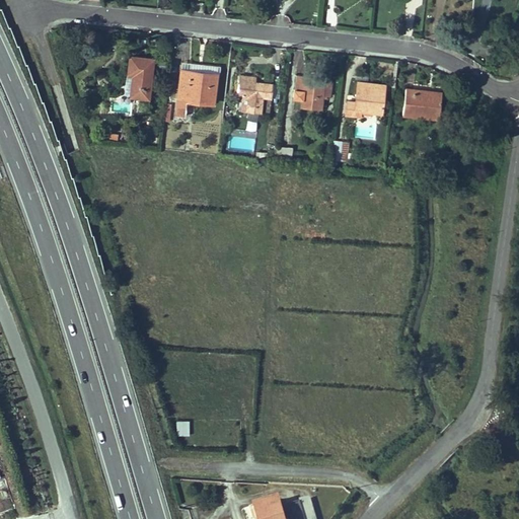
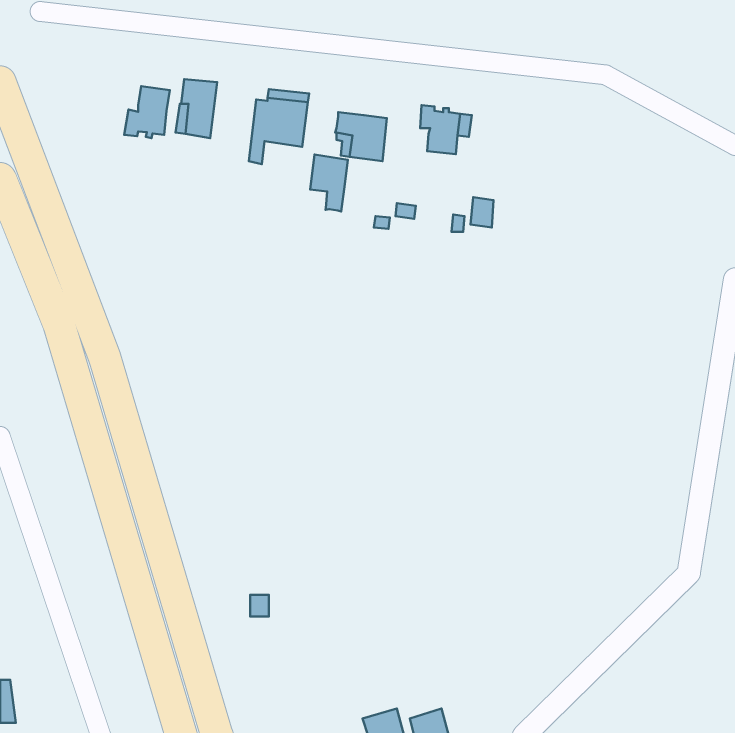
building: none -> [124,86,170,138]
building: [346,83,384,117] -> none
building: [402,89,441,121] -> none
building: none -> [310,155,348,211]

